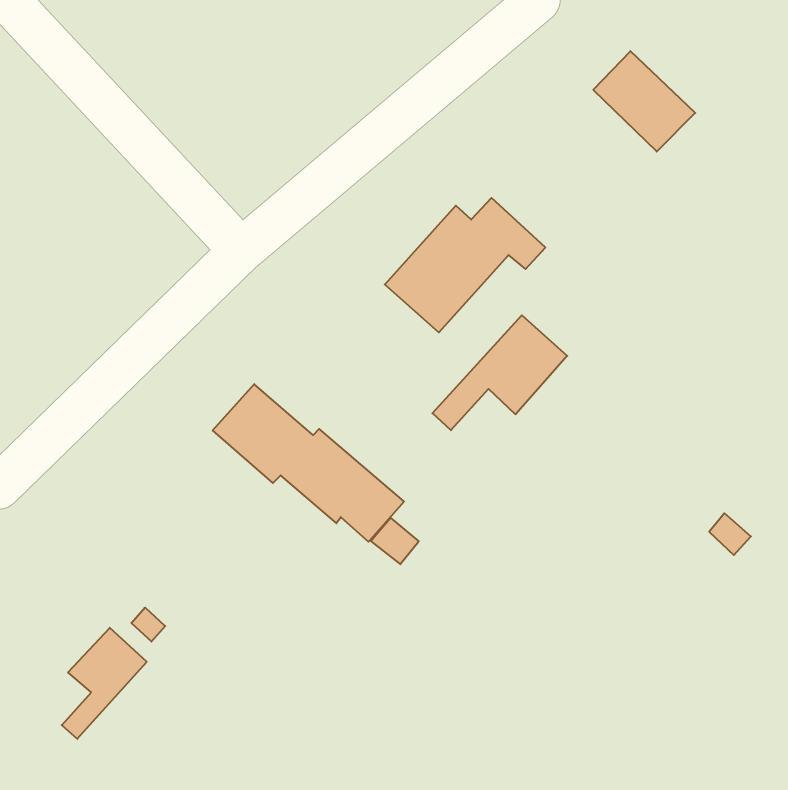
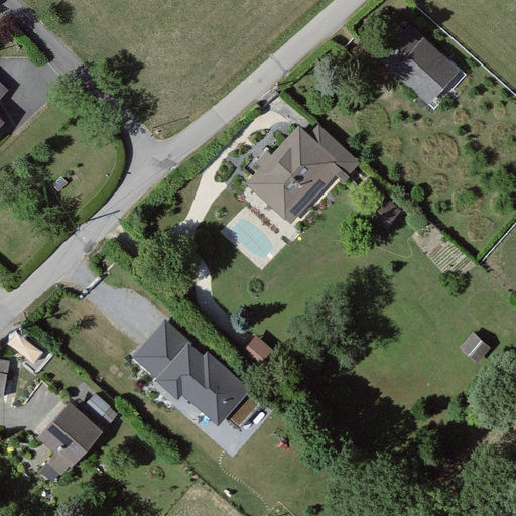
building: [432,315,567,430] -> none
building: [213,384,404,542] -> [137,326,262,428]

